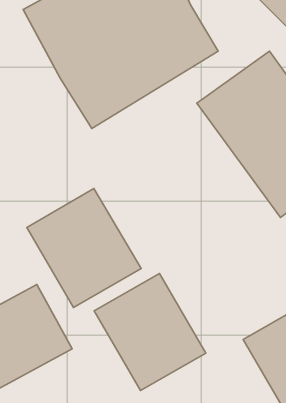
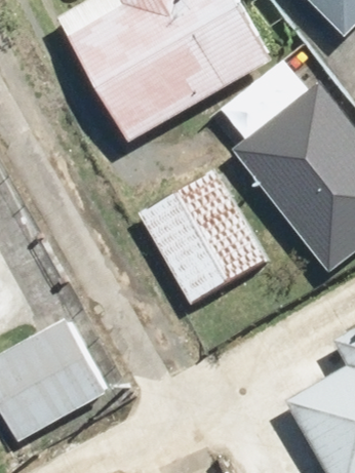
building: [27,189,141,308] -> [137,170,264,302]
building: [94,273,206,390] -> none

